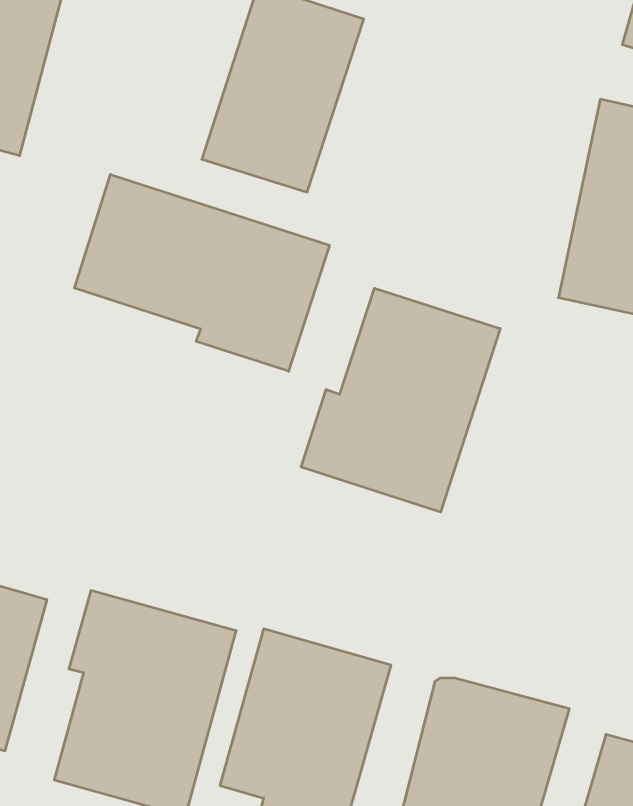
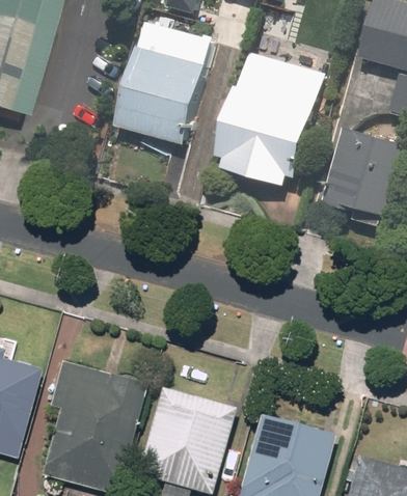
building: none -> [221,34,336,183]
building: [74,174,329,371] -> none
building: [301,288,500,512] -> none

